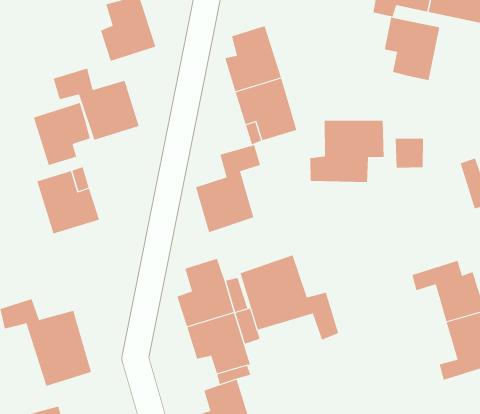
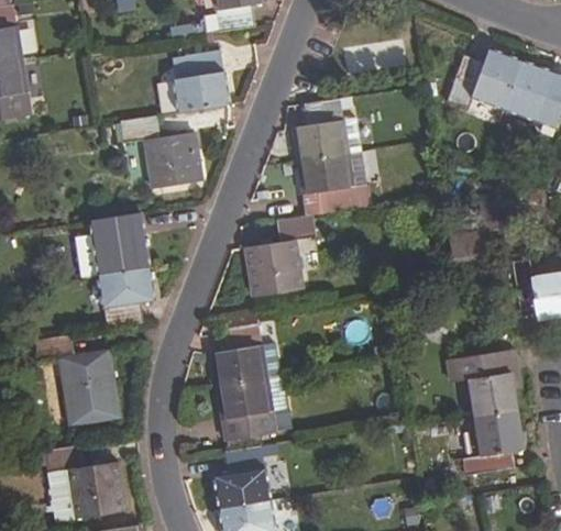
building: [384,17,440,81] -> none
building: [33,102,91,166] -> none
building: [310,120,384,183] -> none
building: none -> [99,266,152,329]
building: [240,254,339,340] -> none

